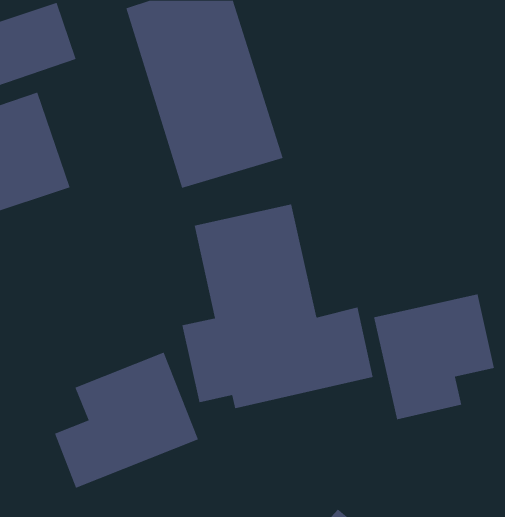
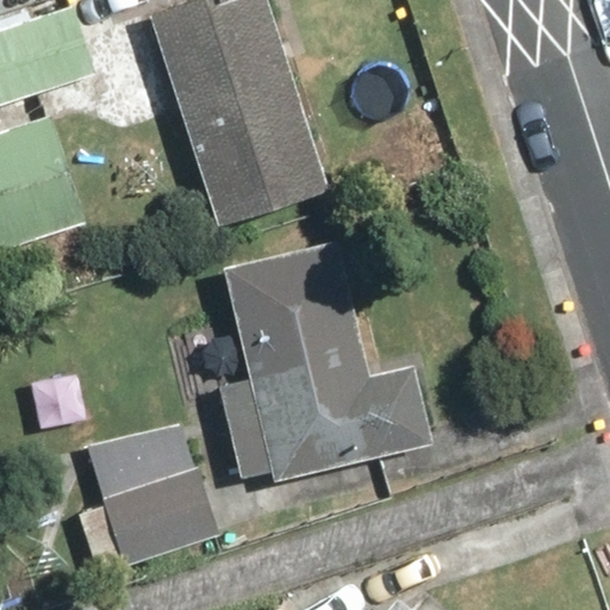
building: [374,293,495,420] -> none

